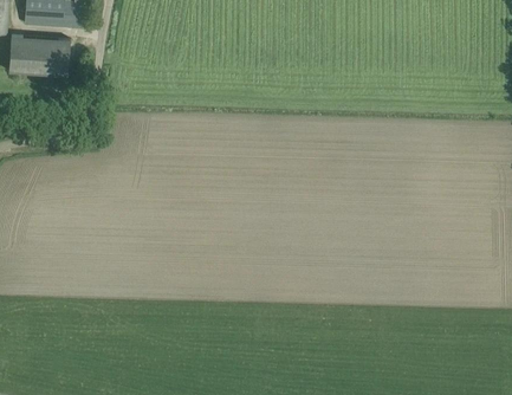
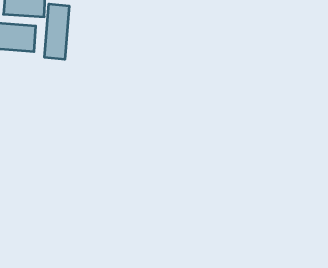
building: none -> [45,4,69,59]

